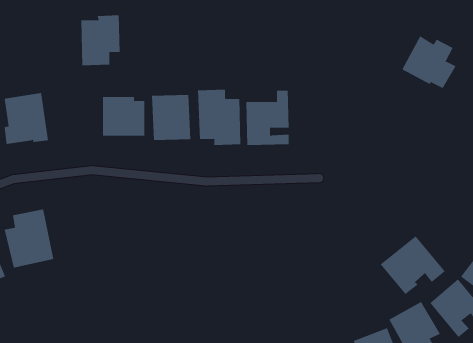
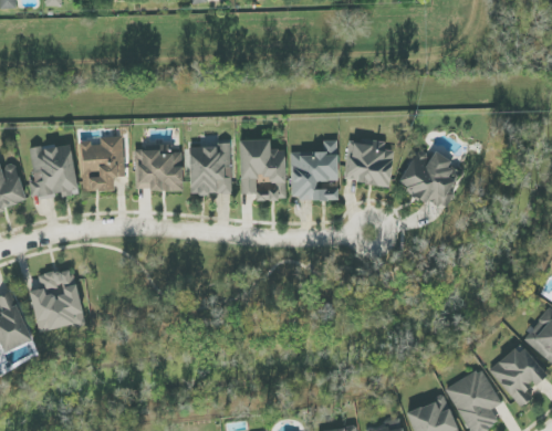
building: [80,15,120,66] -> [81,135,124,190]
building: [401,36,457,89] -> [396,147,456,204]
building: none -> [344,138,393,186]
building: [380,236,445,295] -> none

